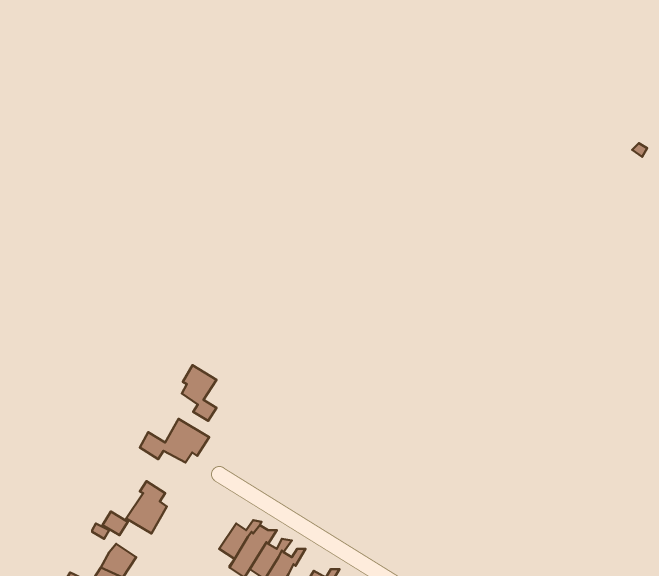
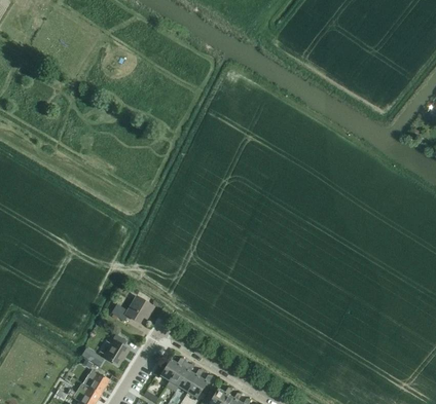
building: [182,365,217,421] -> none

